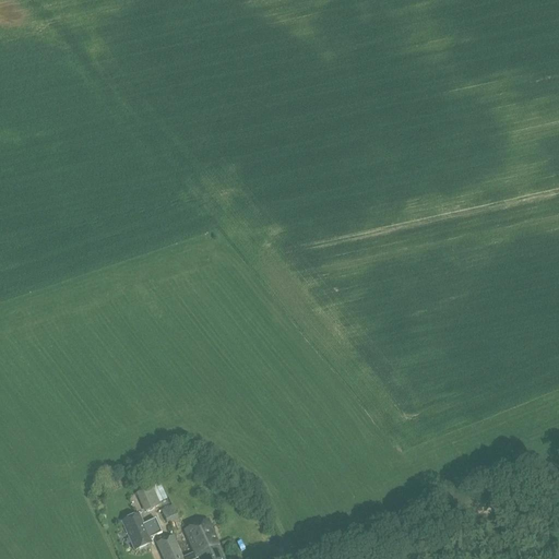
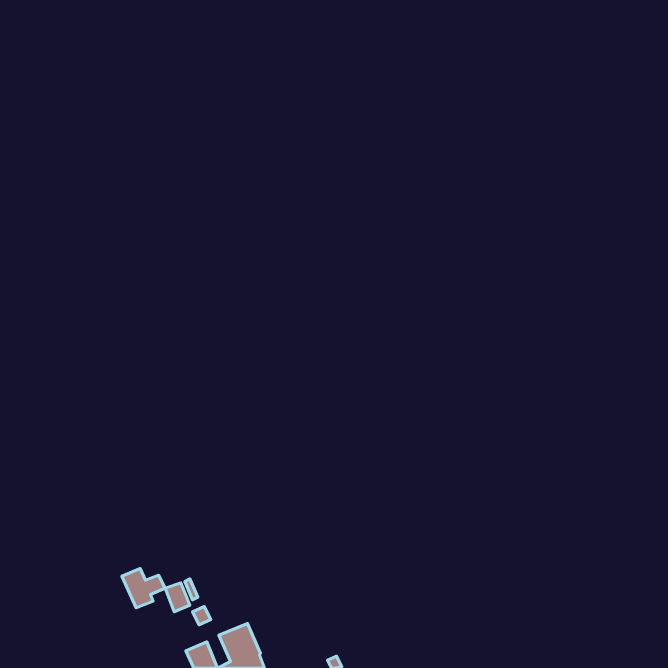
building: [122,515,158,548] -> [122,568,165,608]

